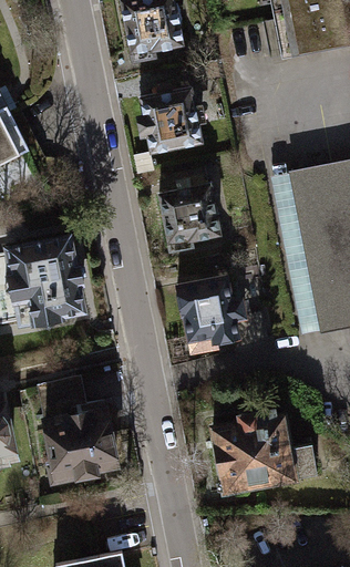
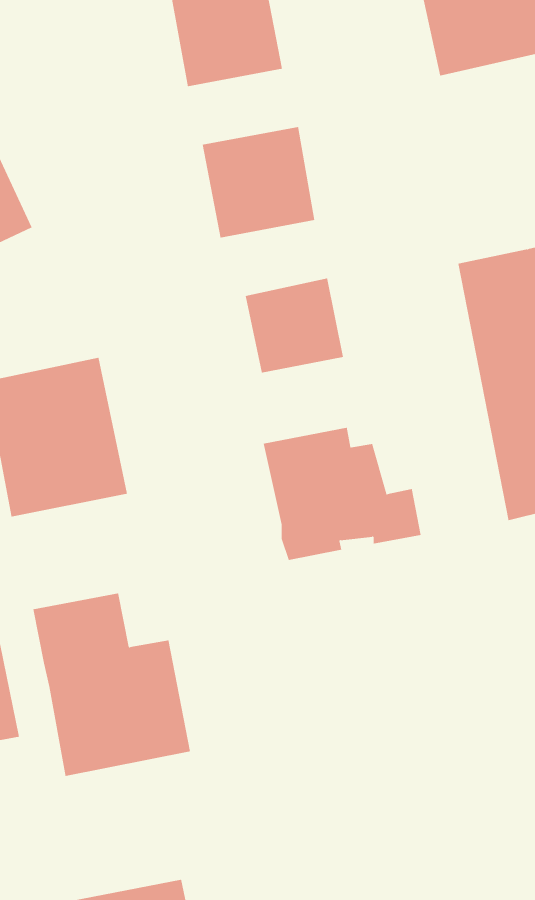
building: [207,405,298,492] -> none

